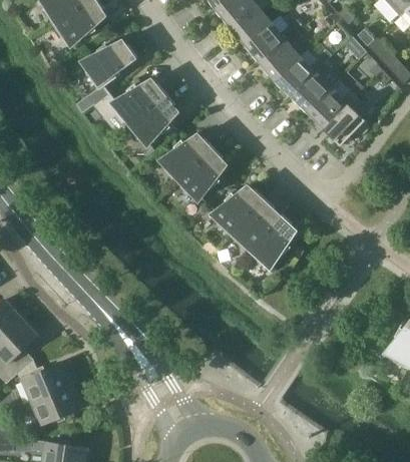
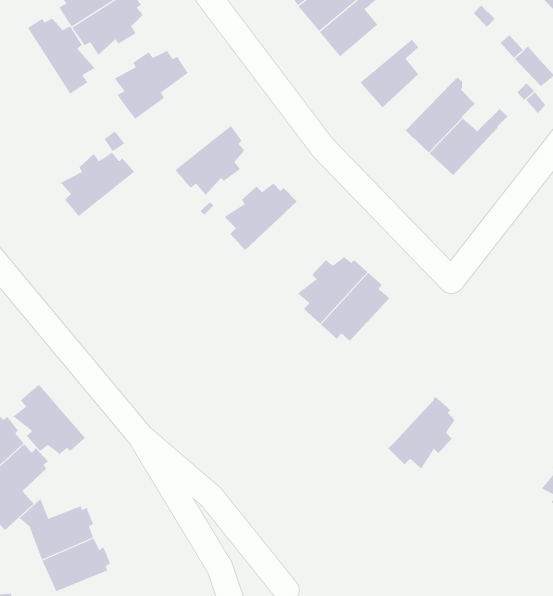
building: none -> [27,18,95,94]
building: [243,19,301,63] -> none
building: [273,57,322,97] -> none
building: [112,79,165,125] -> [60,152,135,217]
building: [323,95,366,145] -> none
building: [175,147,225,198] -> none
building: [246,213,294,266] -> [388,396,455,470]
building: none -> [13,384,86,455]

